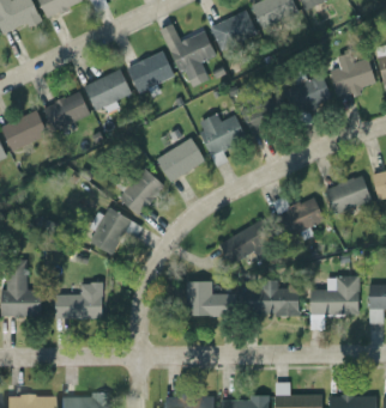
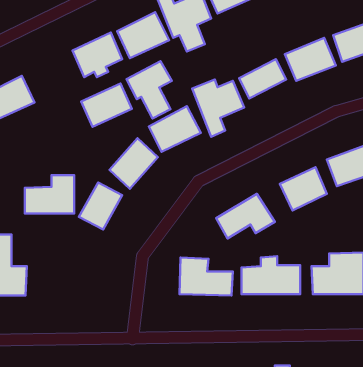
building: [42,91,90,132] -> [81,84,132,127]
building: none -> [126,61,172,119]
building: [55,284,102,319] -> [25,175,74,213]

